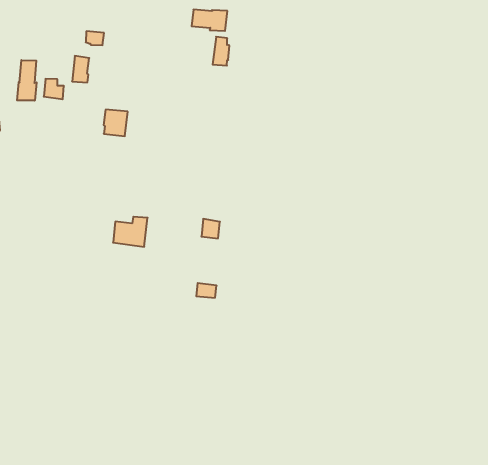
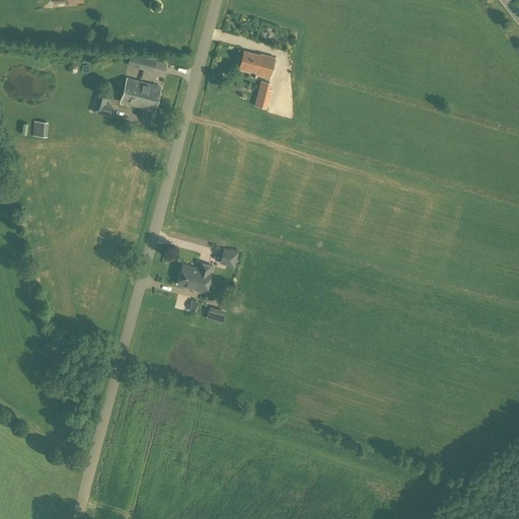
building: [17,60,37,101] -> none
building: [104,110,128,136] -> [135,82,160,109]
building: [113,217,148,247] -> [177,263,213,292]

